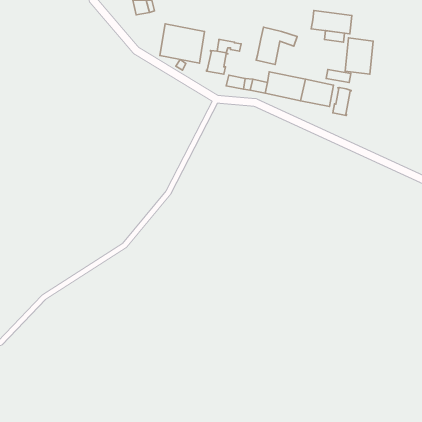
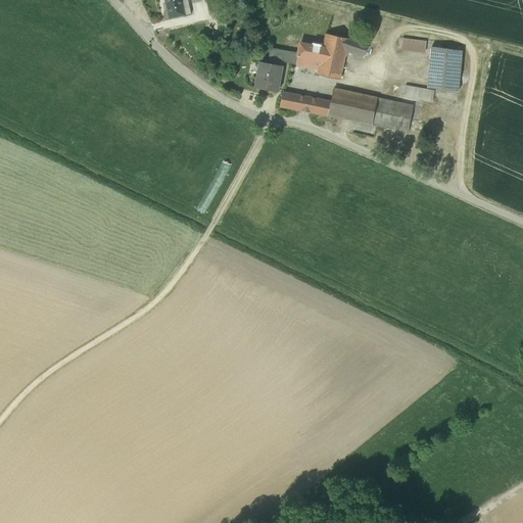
building: [311,11,352,34] -> none
building: [160,24,204,63] -> none
building: none -> [296,43,323,68]
building: [333,87,351,115] -> none

